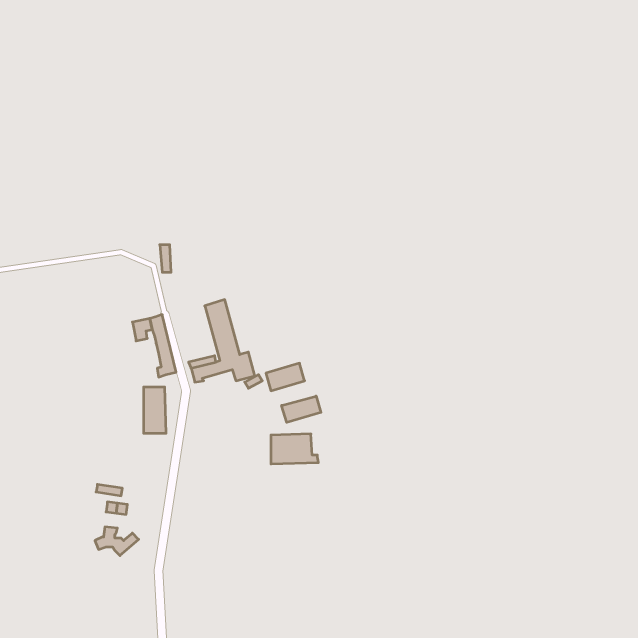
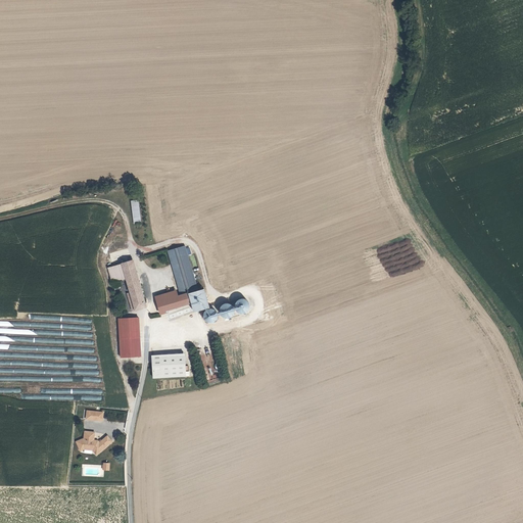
building: [282,396,321,422] -> none
building: [271,434,318,464] -> [151,353,190,378]

